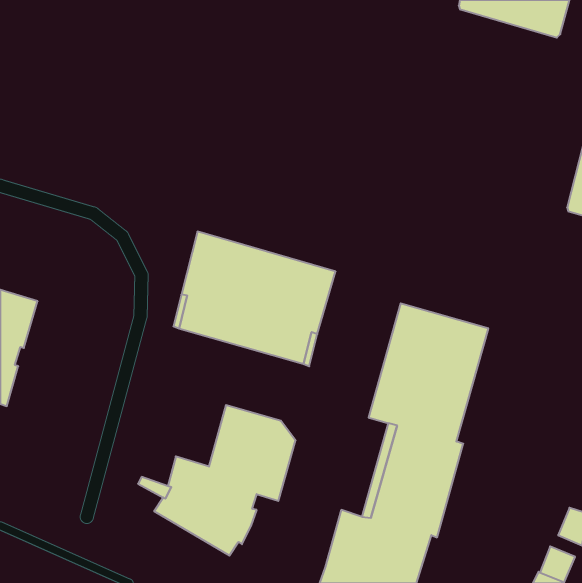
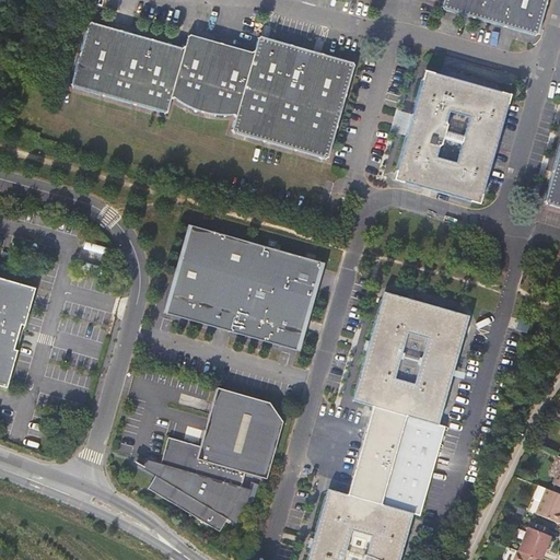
building: none -> [70,21,354,159]
building: none -> [395,71,509,201]

